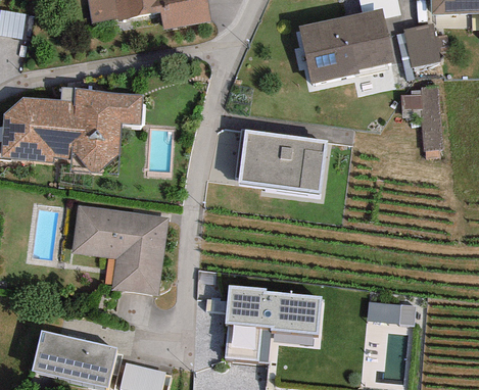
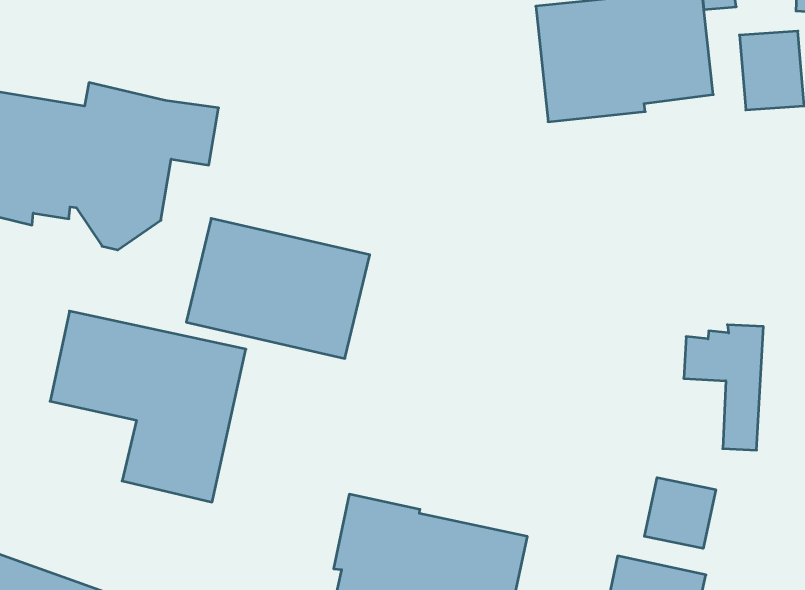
building: [399,86,441,150] -> [684,325,763,450]
building: [238,129,328,193] -> [186,218,370,358]
building: none -> [644,478,716,548]

